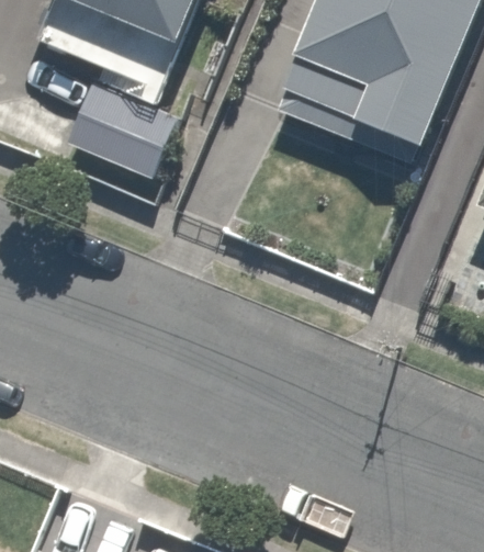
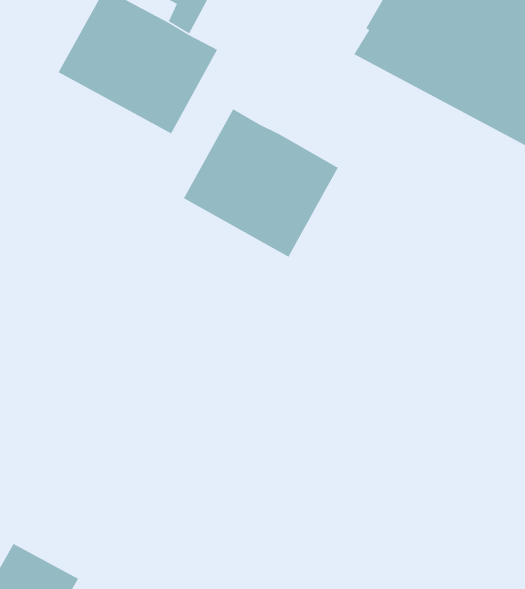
building: none -> [183,108,339,258]

